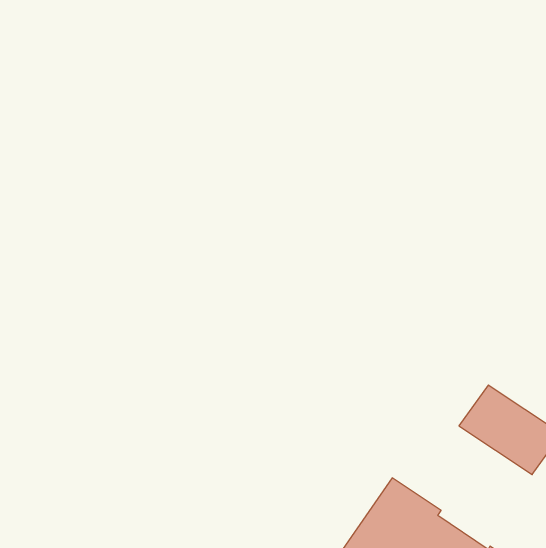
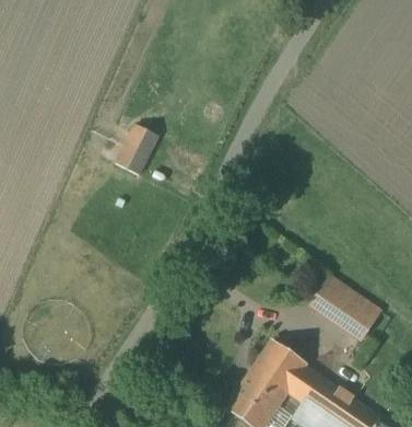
building: none -> [120,123,162,173]

